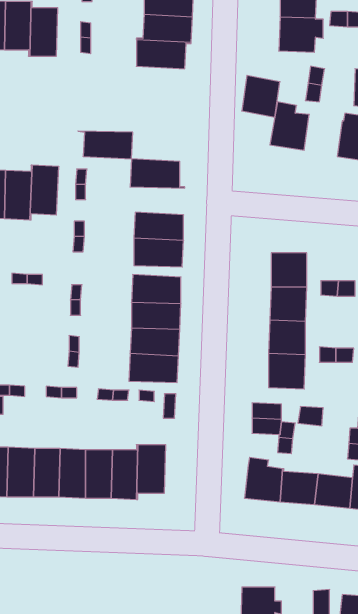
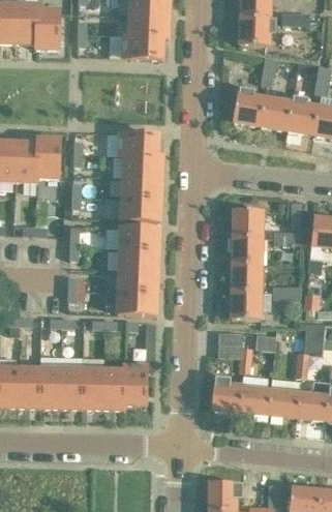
building: [242,75,280,117] -> [260,96,291,130]
building: [78,131,133,159] -> [118,155,162,178]

